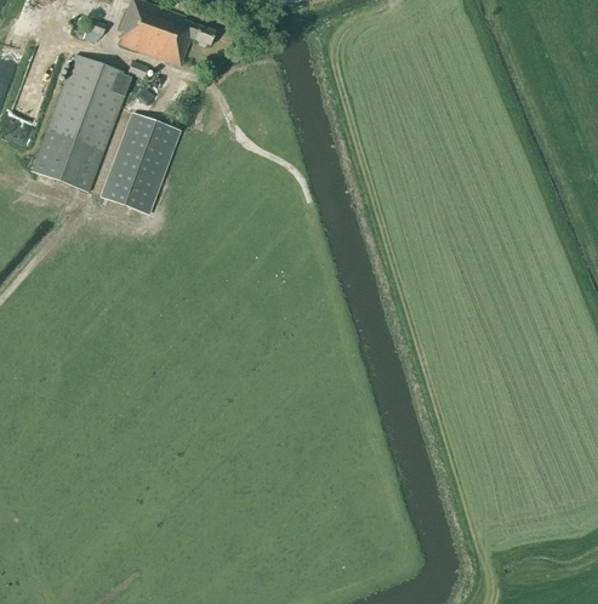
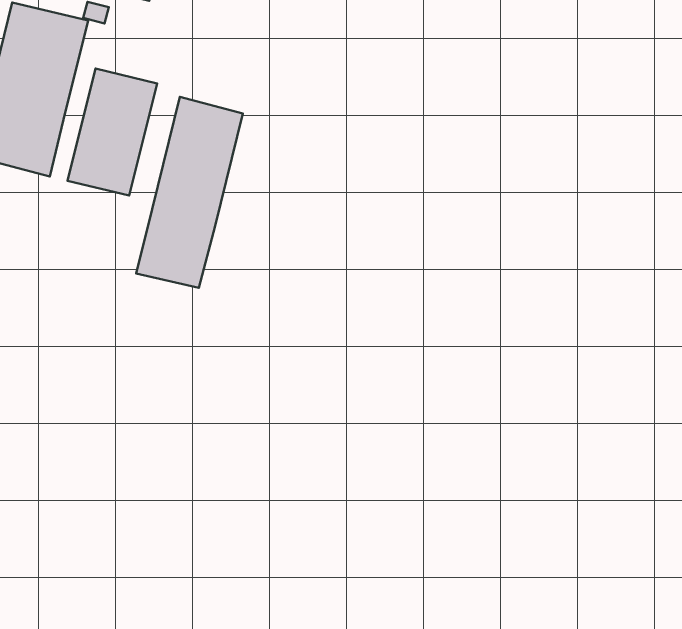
building: none -> [136,97,243,288]

